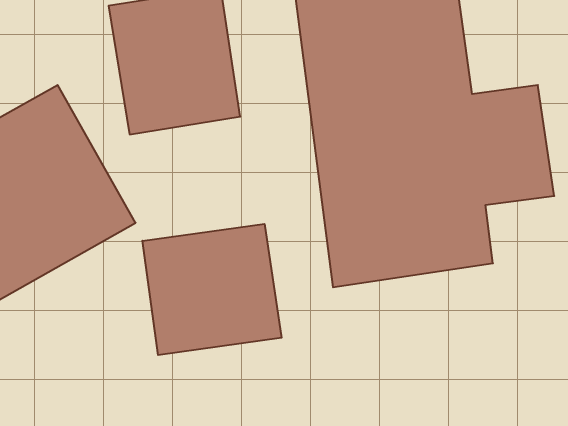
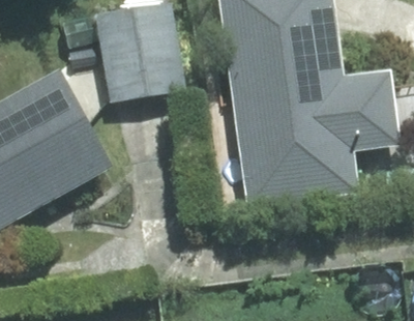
building: [142,224,282,355] -> none

